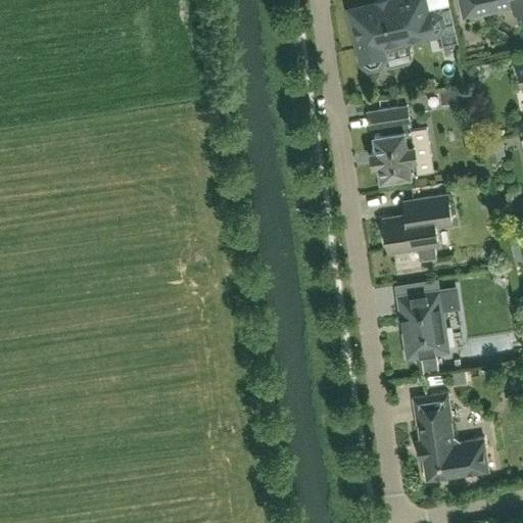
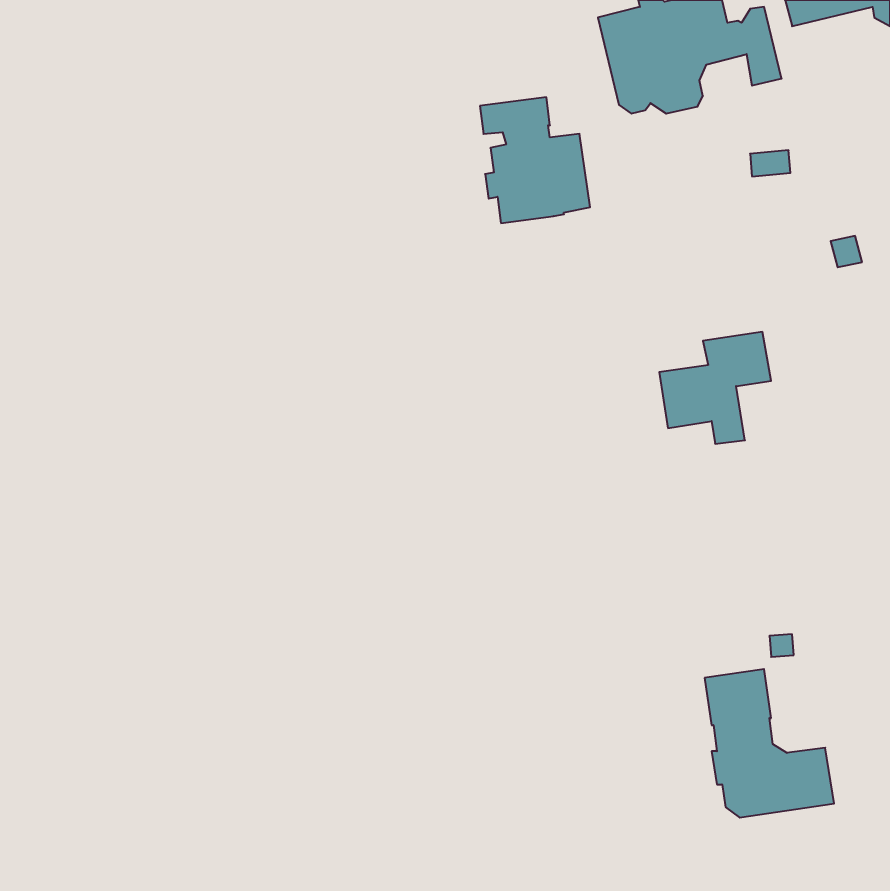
building: [367,106,431,180] -> [480,97,590,223]
building: [397,288,460,356] -> none

